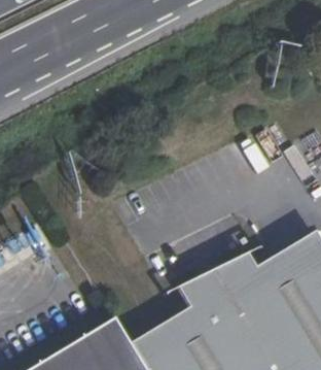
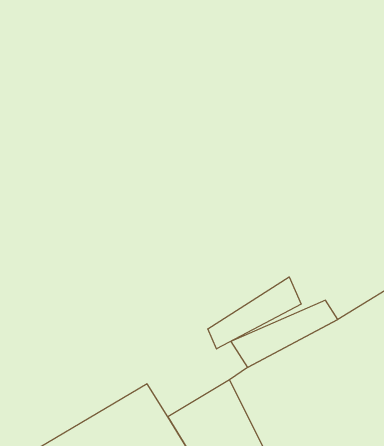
building: none -> [208,277,301,349]

